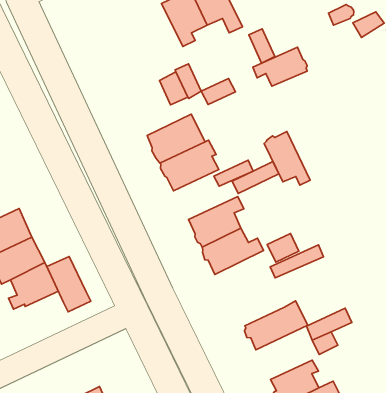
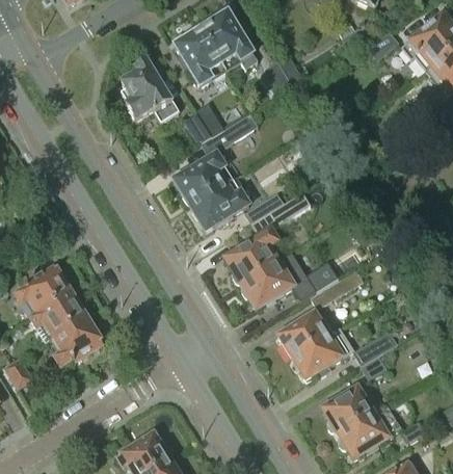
building: none -> [121,57,179,121]
building: [253,47,307,86] -> none
building: [264,132,310,185] -> none
building: [47,256,91,312] -> none
building: none -> [277,311,329,357]

